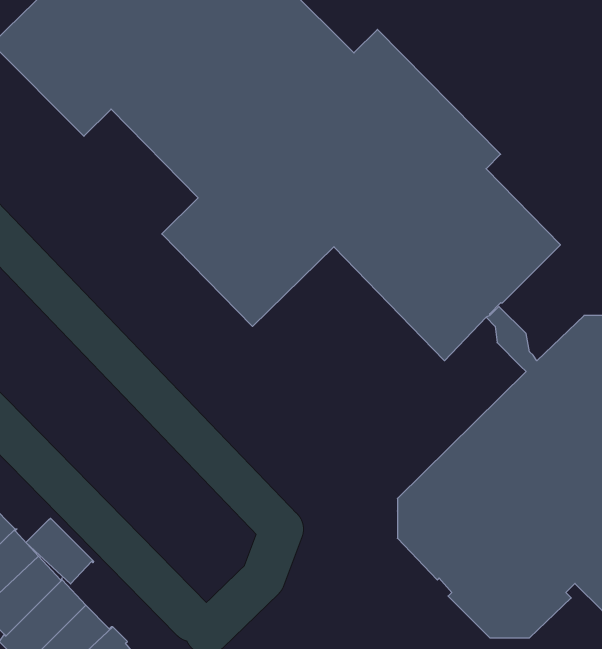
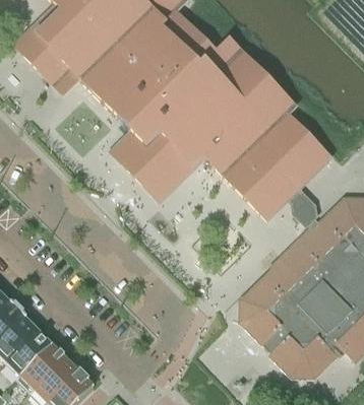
building: [26,518,93,584] -> none

